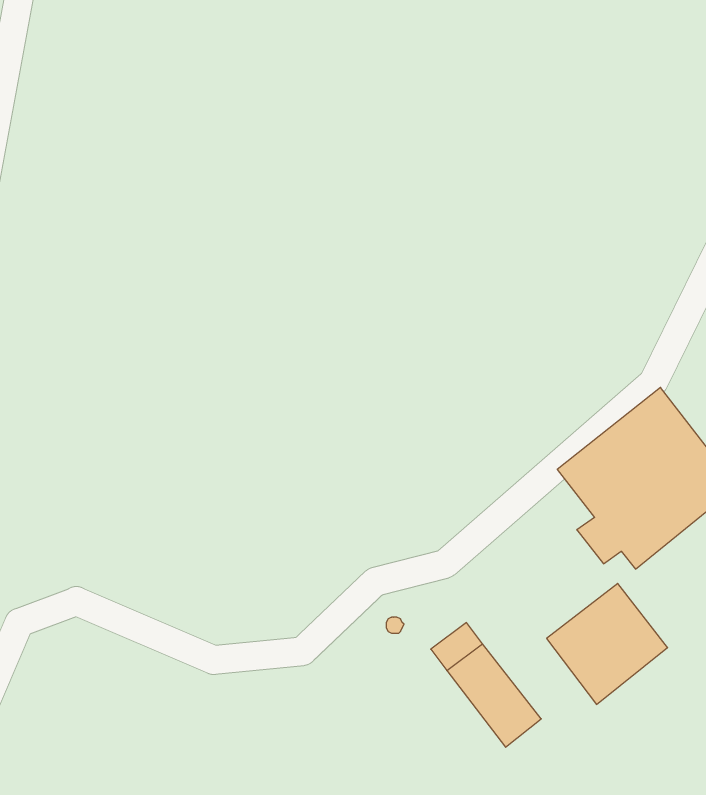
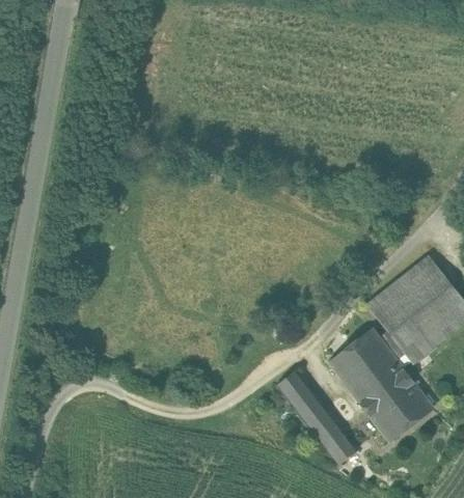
building: none -> [329,329,403,403]
building: none -> [275,370,315,409]

